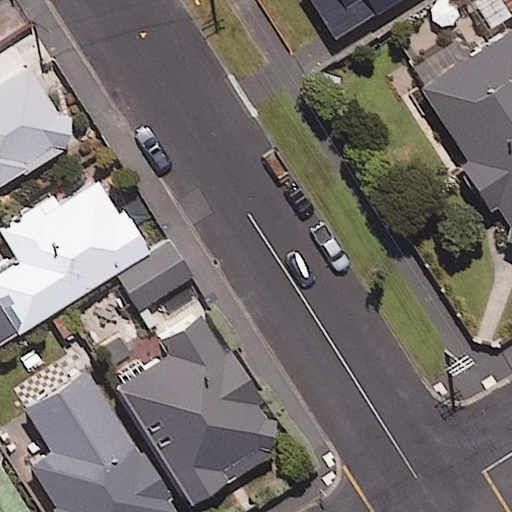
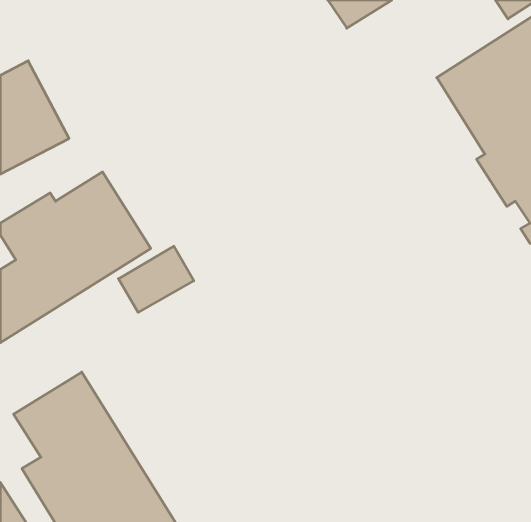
building: [120,310,282,502] -> none

